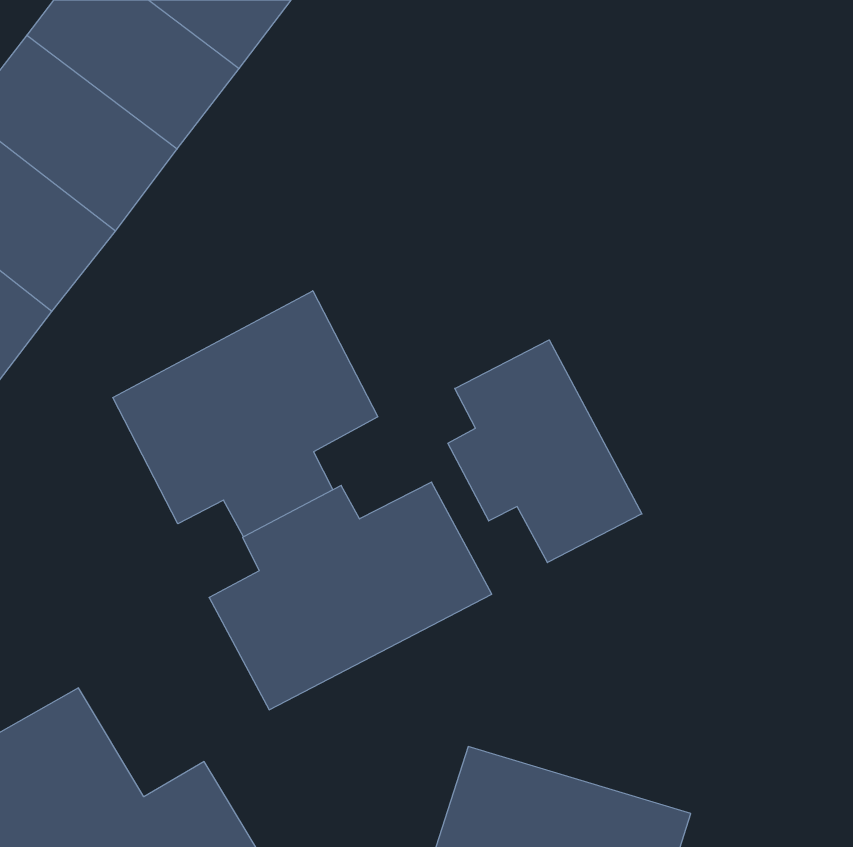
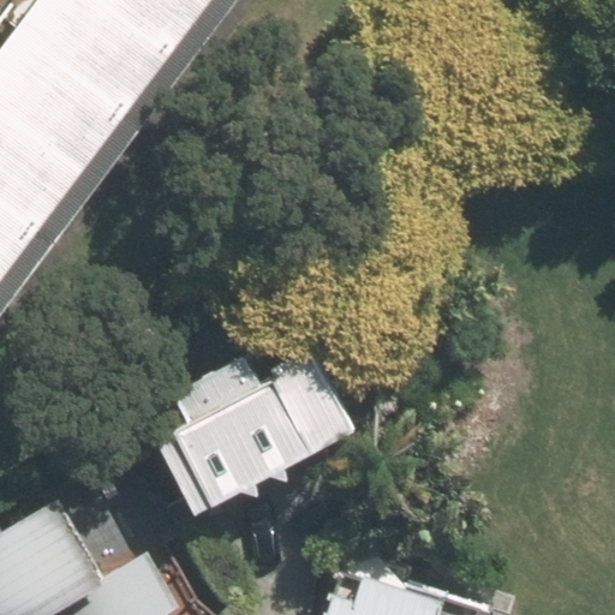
building: [113,291,378,537] -> none
building: [448,340,642,563] -> none

